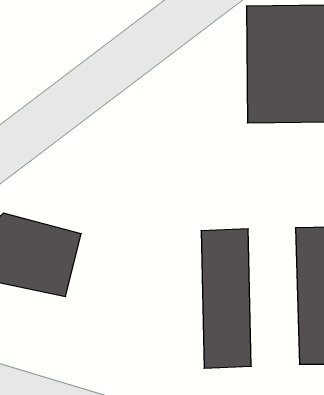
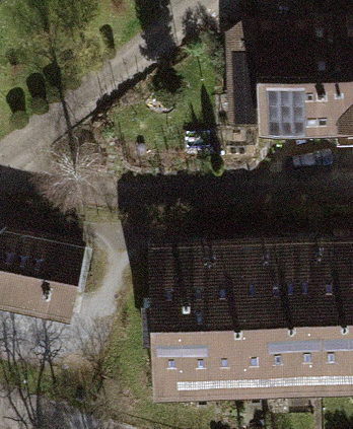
building: none -> [260,244,312,387]
building: none -> [151,247,214,390]

